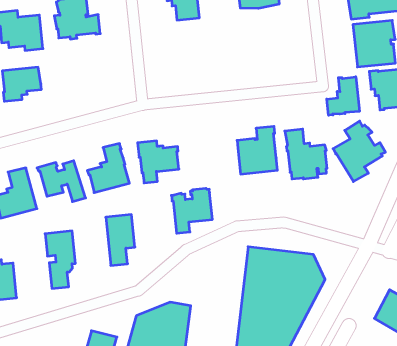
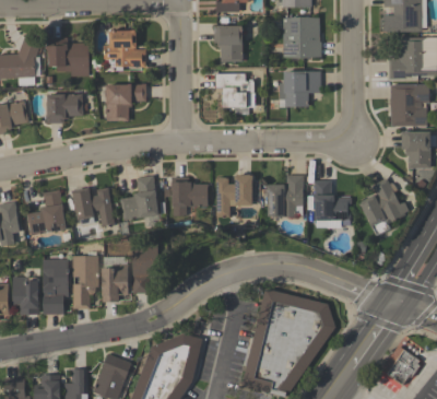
building: none -> [279,70,320,106]
building: none -> [215,72,255,107]
building: none -> [105,83,145,120]
building: [327,77,359,115] -> none
building: [171,188,212,233] -> [215,174,252,214]
building: none -> [101,263,128,301]
building: none -> [43,258,68,314]

